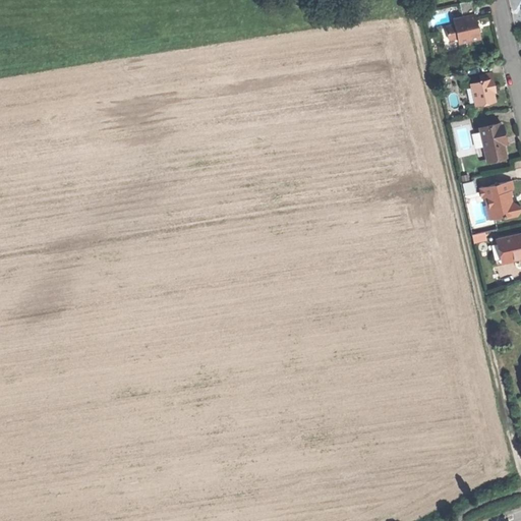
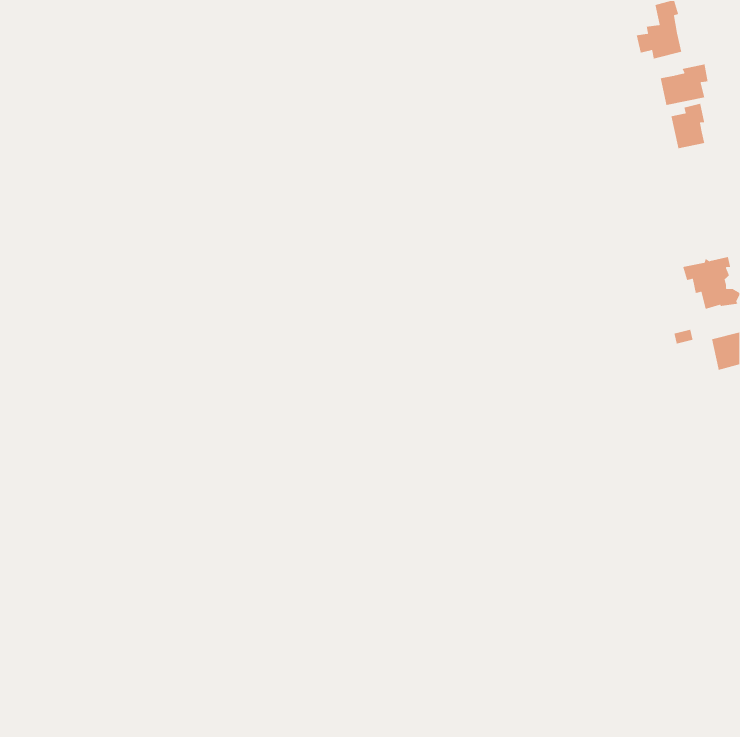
building: none -> [660,64,708,106]
building: [480,124,506,160] -> none

